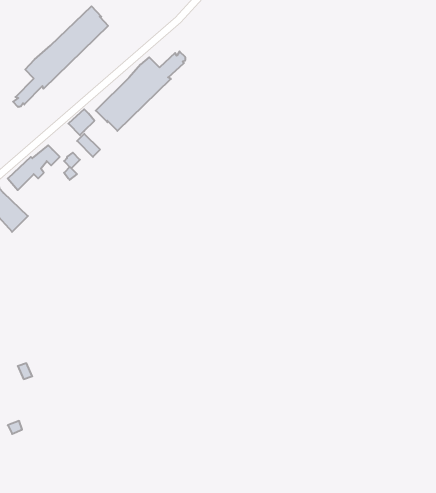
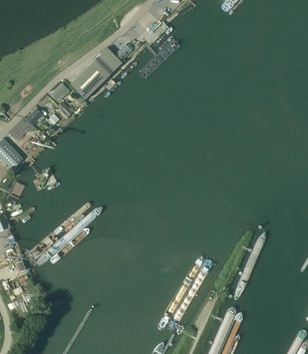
building: [13,6,108,107] -> none

